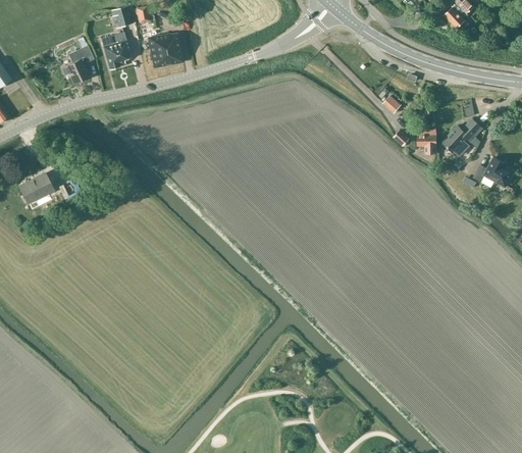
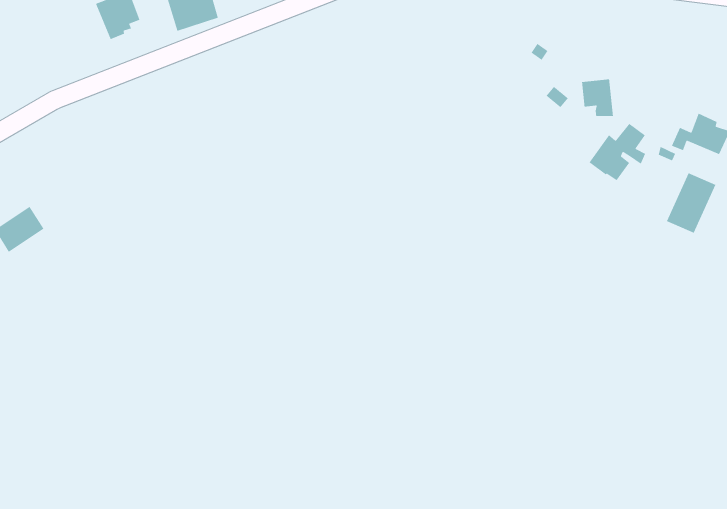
building: [61,45,94,84] -> none
building: [442,119,482,157] -> [589,123,646,181]
building: none -> [666,172,716,234]

